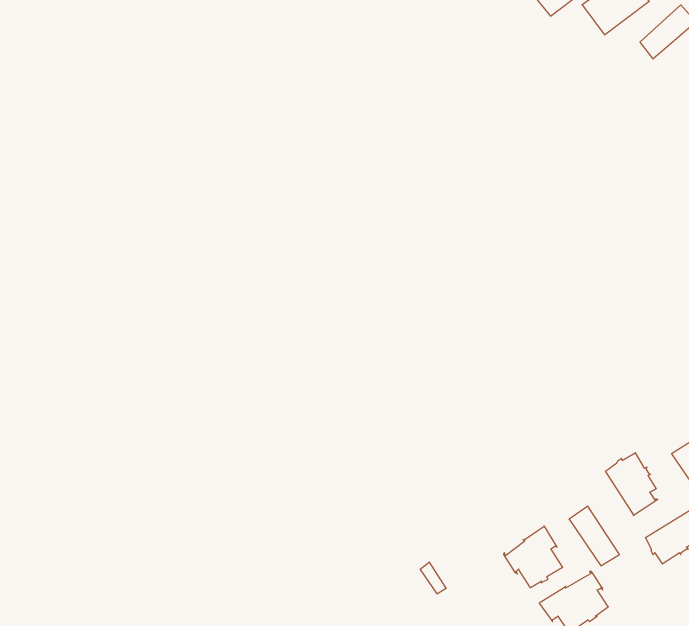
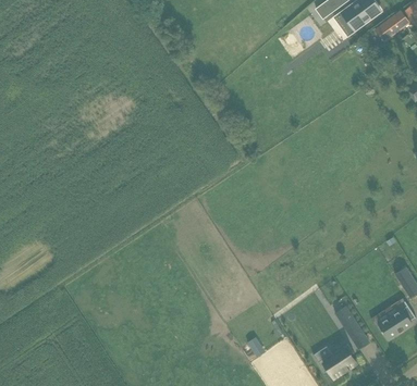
building: [606,453,658,516] -> none
building: [504,526,563,588] -> none

